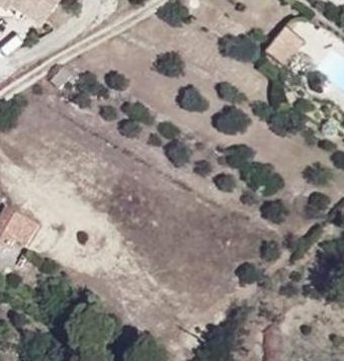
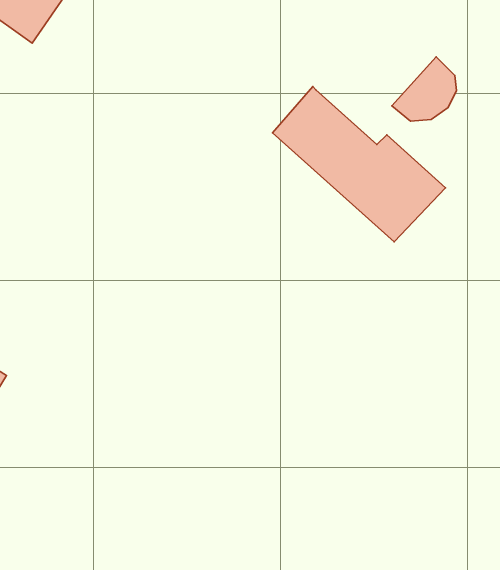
building: none -> [272,86,445,242]

